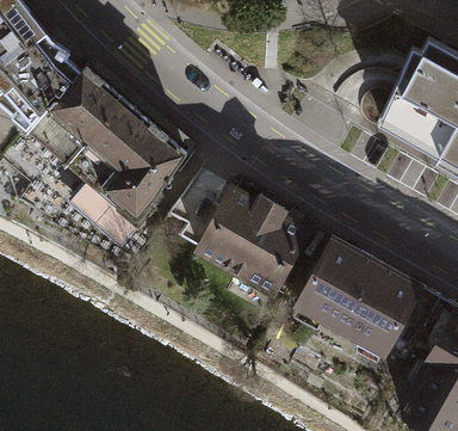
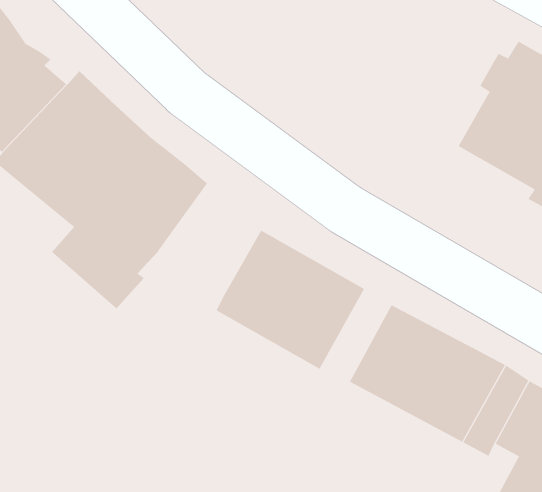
building: [169,173,231,238] -> none

